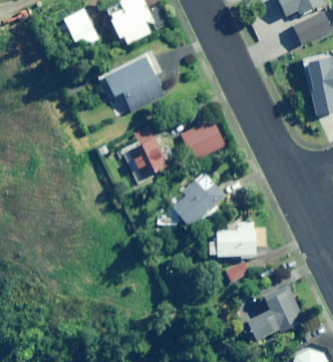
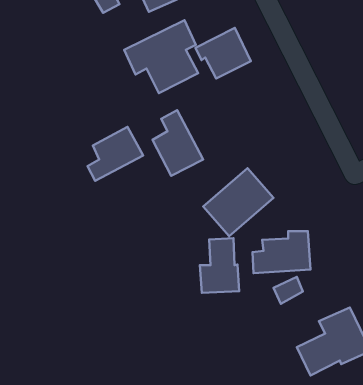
building: [180,118,225,159] -> [195,28,251,79]
building: none -> [87,127,143,181]
building: none -> [200,238,239,293]

